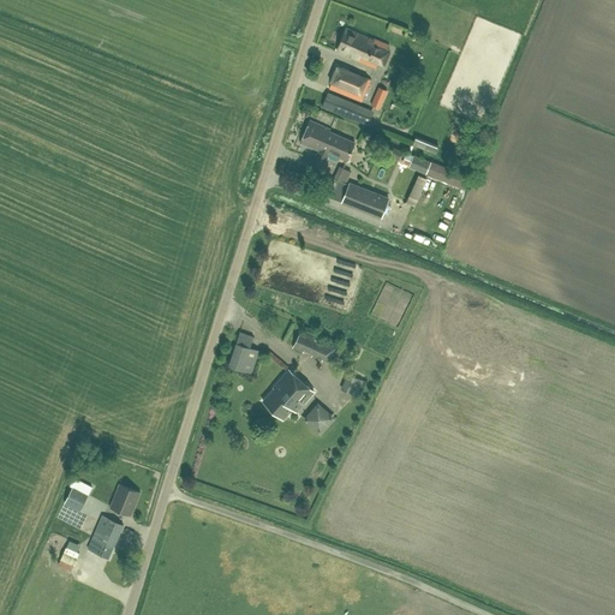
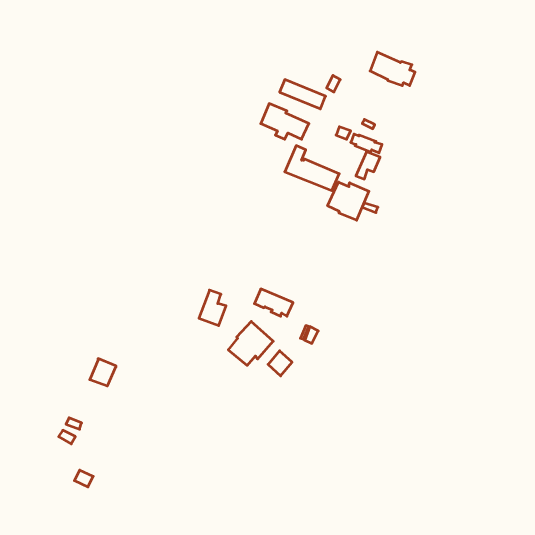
building: [338,28,389,66] -> [370,52,415,86]
building: [328,66,370,102] -> none
building: none -> [328,182,369,220]
building: [109,483,139,514] -> [90,359,116,386]
building: [92,515,124,547] -> none

